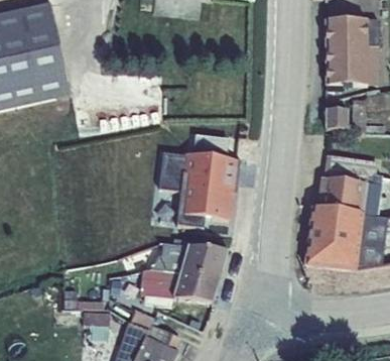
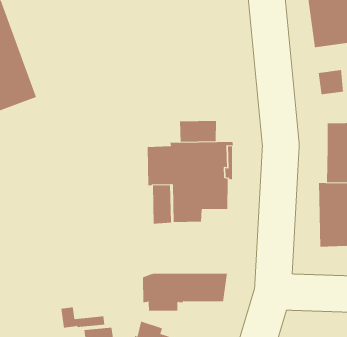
building: [151,242,228,276] -> none

